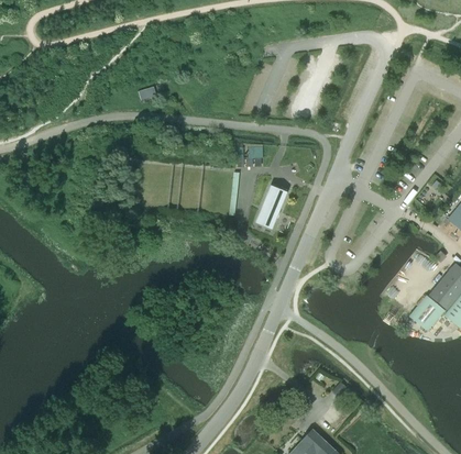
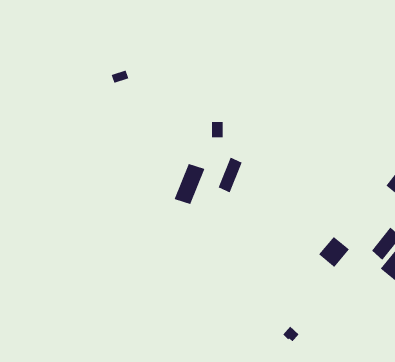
building: none -> [174,163,205,205]
building: [407,294,443,330] -> [318,236,350,268]

